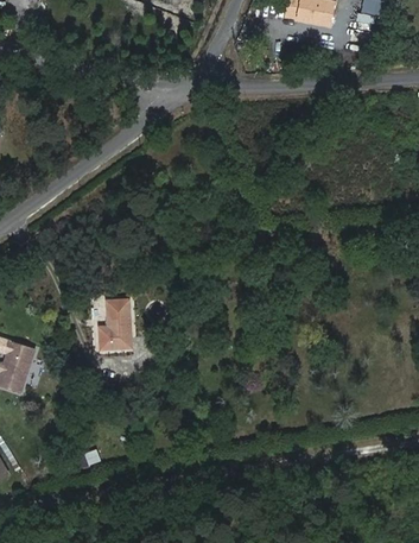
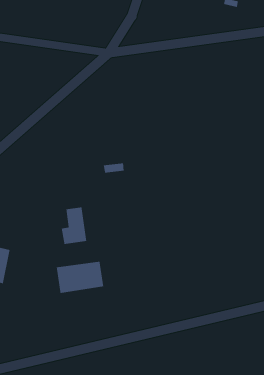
building: none -> [56,261,104,294]

